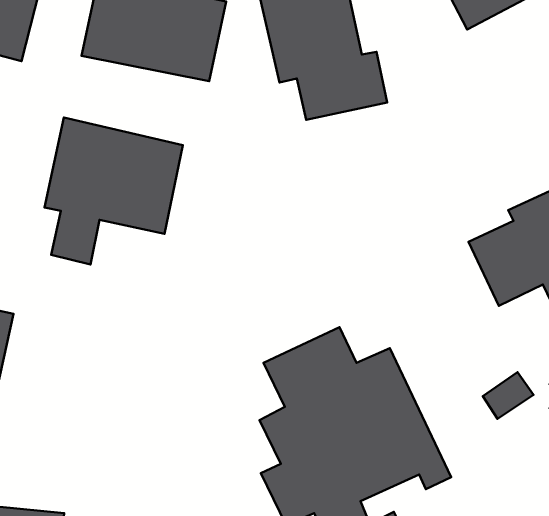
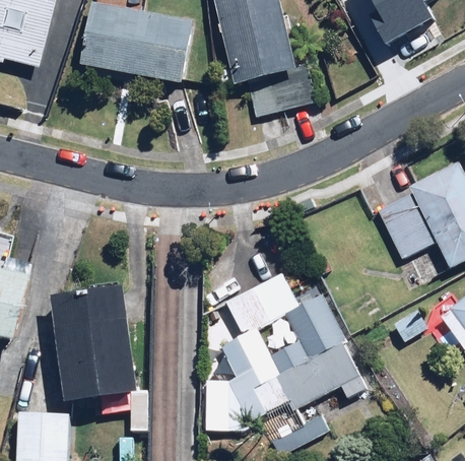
building: [45,118,183,264] -> none
building: none -> [49,283,138,400]

